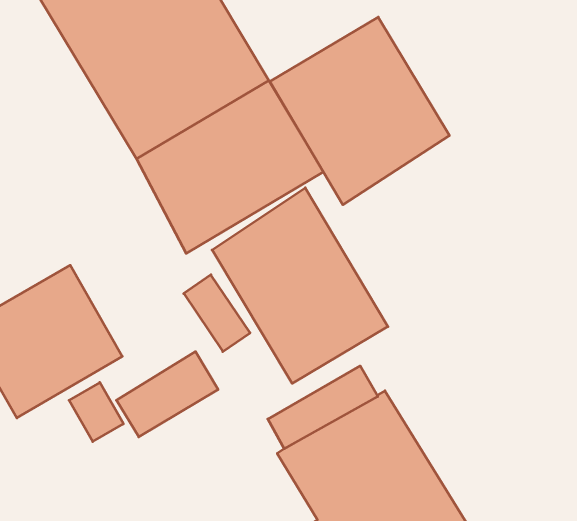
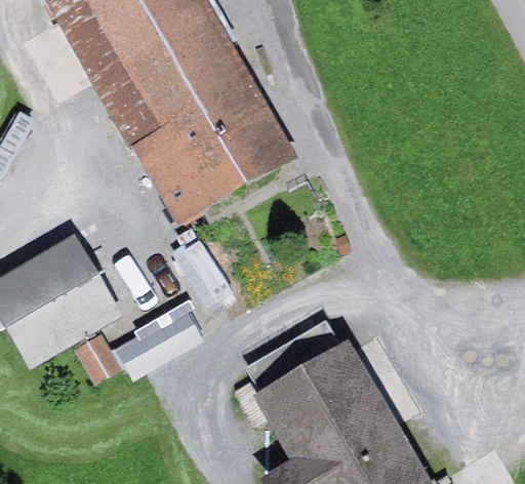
building: [270,17,449,205] -> none
building: [212,188,388,383] -> none

